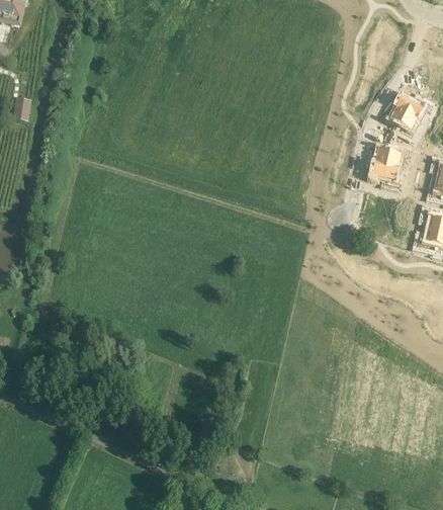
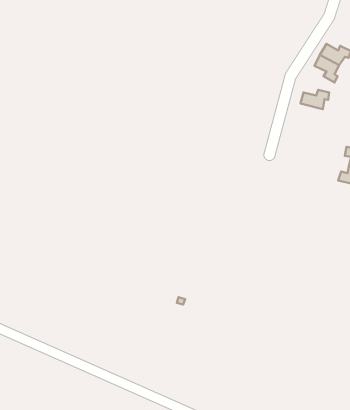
building: [370,159,398,185] -> none

